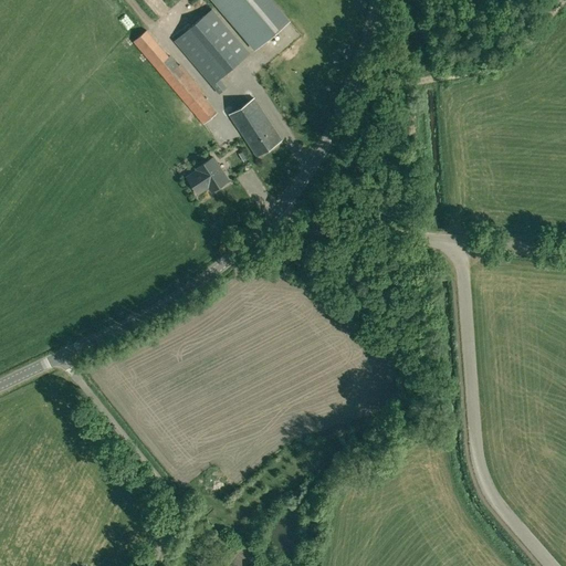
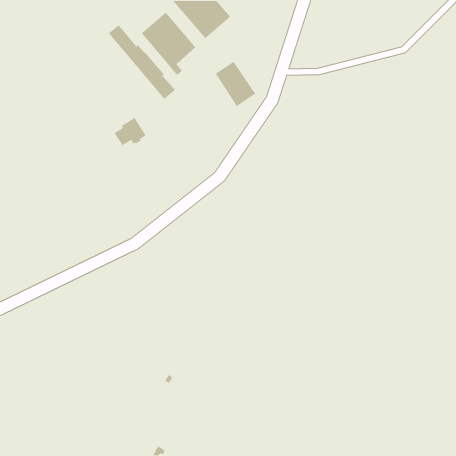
building: [230,98,281,156] -> [215,61,256,107]
building: [187,157,228,193] -> [113,117,146,146]

